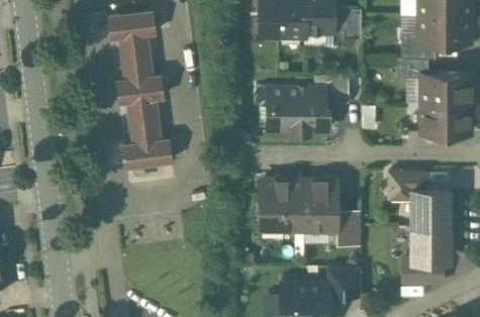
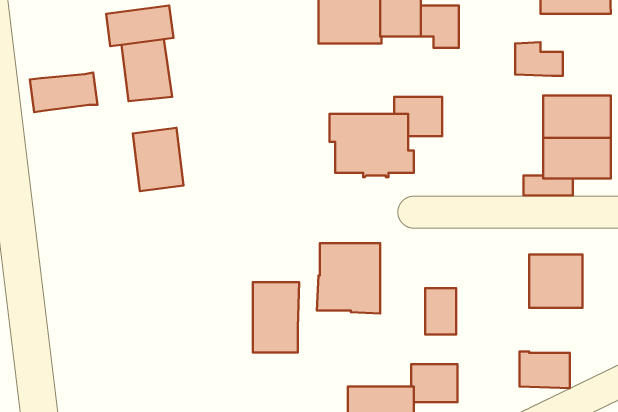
building: [419,17,470,44] -> none
building: [397,61,427,81] -> none
building: [115,76,164,104] -> [30,73,97,112]
building: [123,139,172,169] -> none
building: [389,174,425,192] -> none
building: [304,182,338,232] -> [253,282,299,353]
building: [411,228,450,260] -> none

